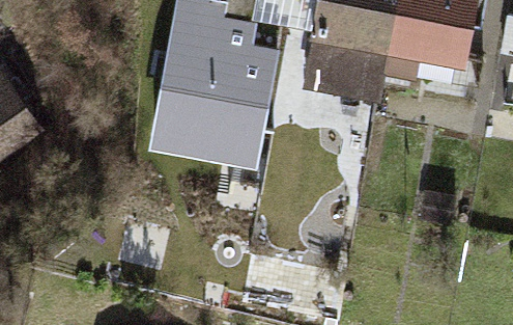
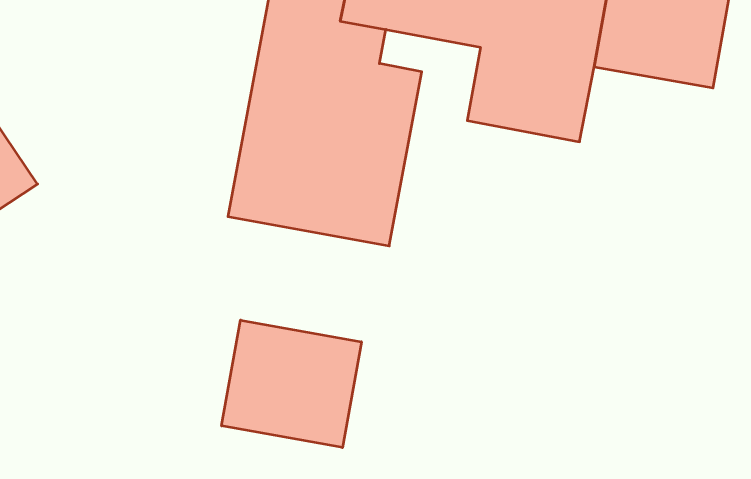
building: none -> [222,320,361,448]

